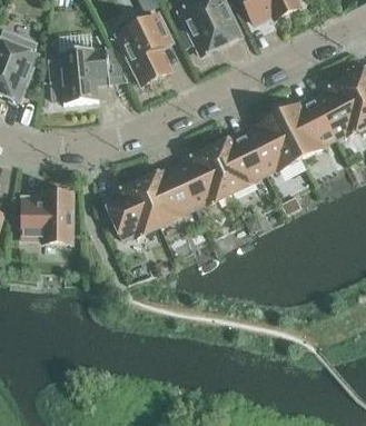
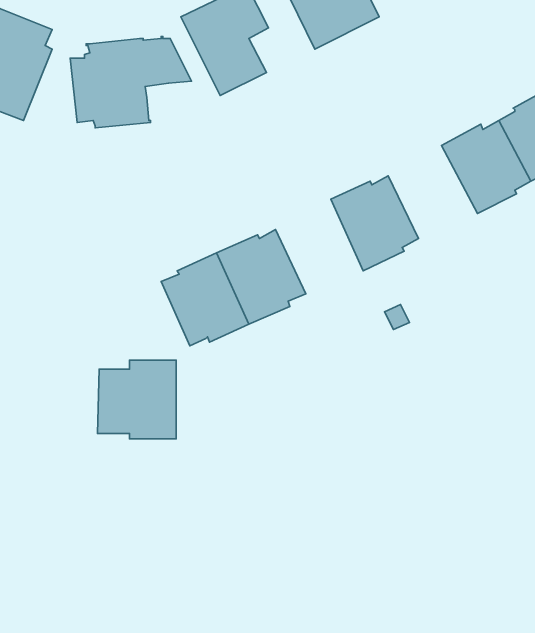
building: [246,115,301,172] -> none
building: [176,148,230,207] -> none
building: [22,192,71,241] -> [97,360,176,439]

